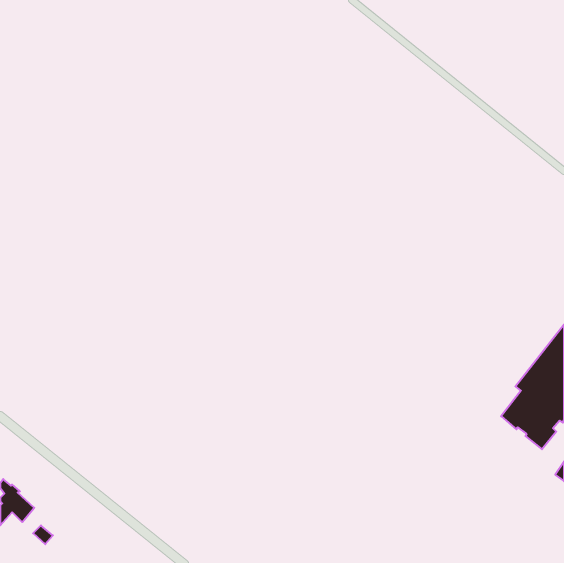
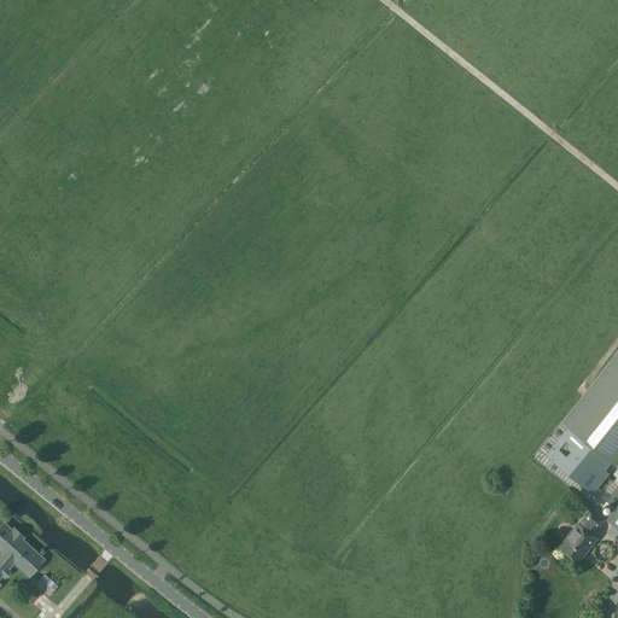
building: none -> [560,511,604,561]

